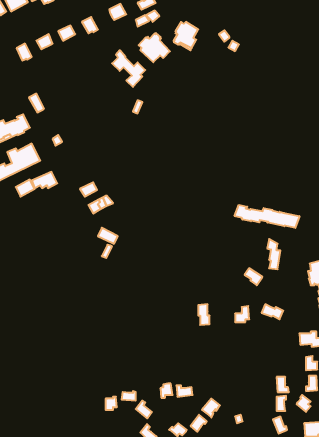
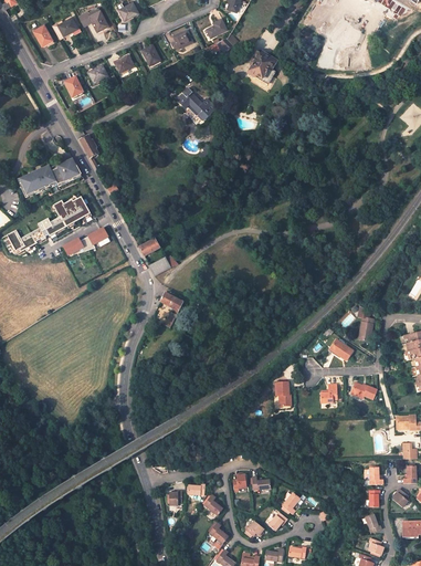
building: [139,33,170,62] -> none
building: [235,205,299,228] -> none

